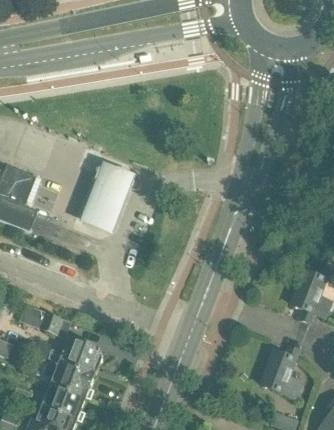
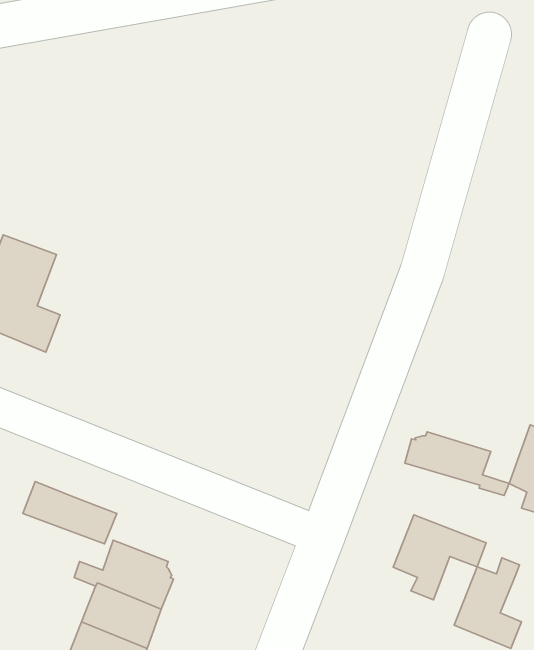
building: [77,160,136,235] -> none
building: none -> [405,432,509,496]
building: none -> [393,515,486,600]

